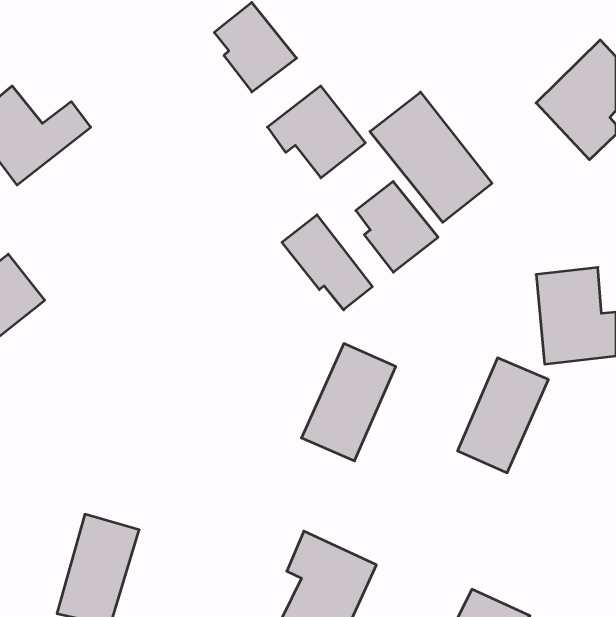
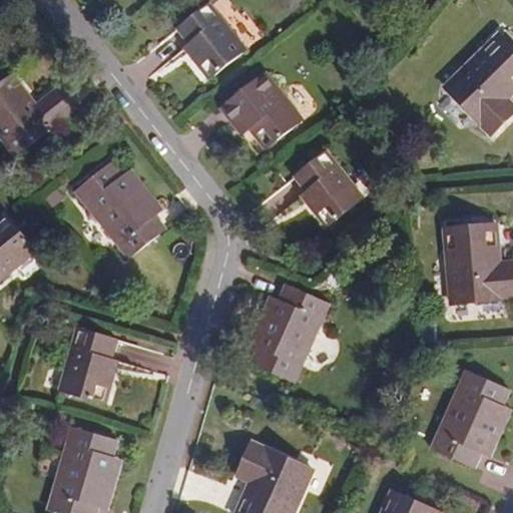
building: [370,92,492,222] -> none
building: none -> [76,163,164,258]
building: [282,215,372,310] -> none
building: [458,358,548,473] -> [430,370,505,465]
building: none -> [57,328,116,403]

